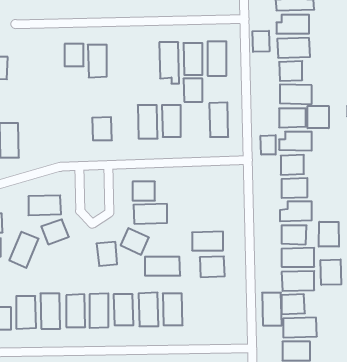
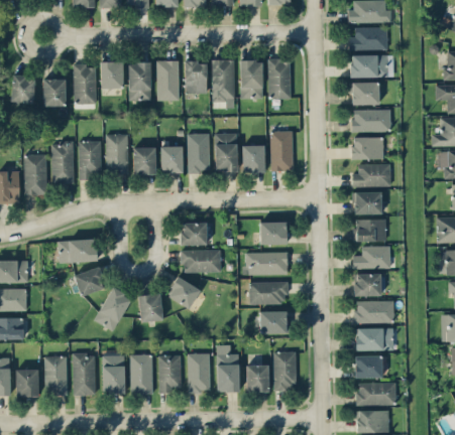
building: [252,31,269,52] -> none
building: none -> [156,60,180,101]
building: none -> [185,61,207,93]
building: none -> [74,64,96,104]
building: none -> [43,80,65,106]
building: [183,79,202,102] -> [242,145,264,172]
building: none -> [106,134,128,173]
building: [308,106,329,128] -> none
building: none -> [79,140,102,178]
building: none -> [51,142,75,183]
building: none -> [160,145,183,172]
building: [261,135,276,155] -> none
building: none -> [260,222,287,244]
building: [319,222,339,247] -> none
building: [9,232,39,268] -> [96,288,130,330]
building: [145,257,180,276] -> [247,252,289,274]
building: [321,259,341,285] -> none
building: [262,293,282,325] -> [273,351,297,390]
building: none -> [246,365,268,392]

